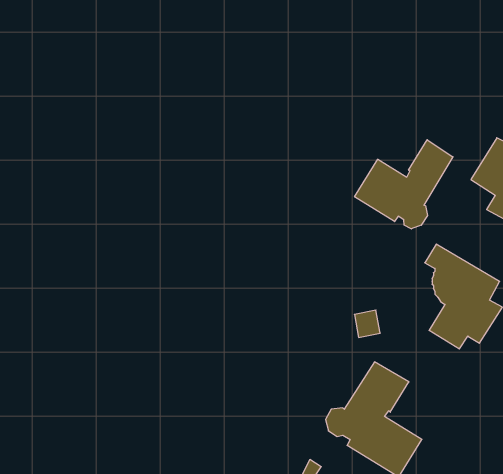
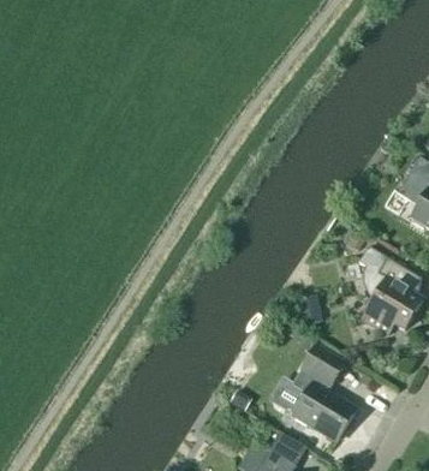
building: [355,140,453,229] -> none

